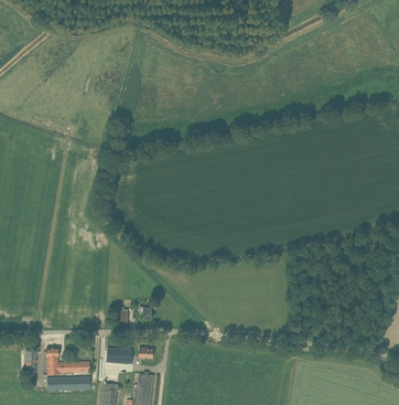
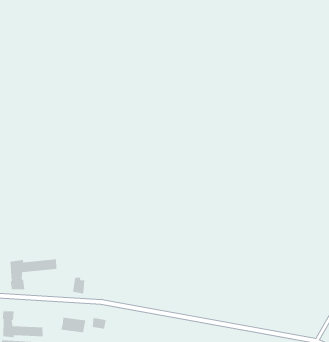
building: none -> [10,258,57,290]

